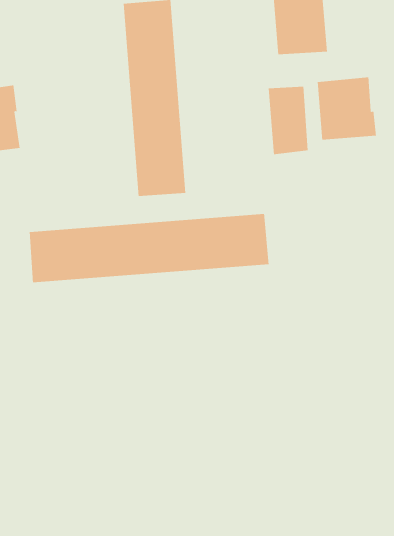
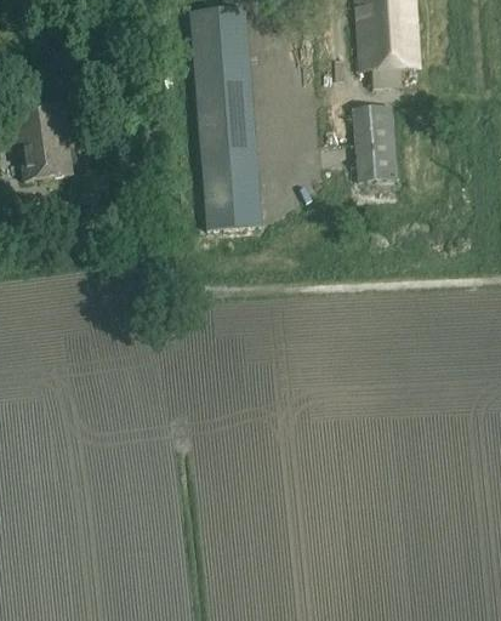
building: [317,77,376,140] -> none
building: [29,213,269,283] -> none

